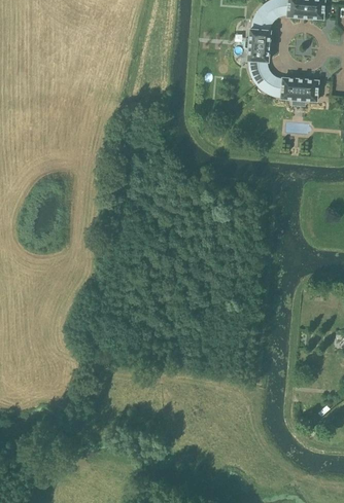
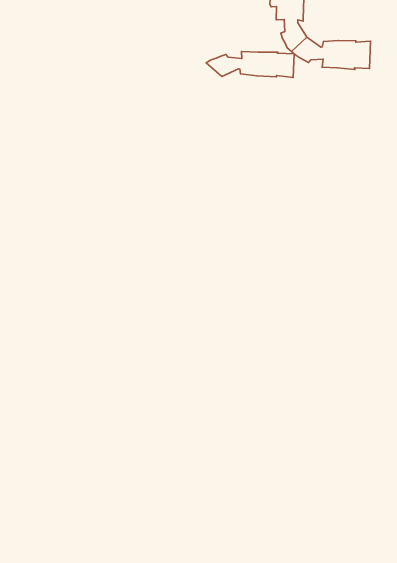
building: none -> [206,51,294,77]

